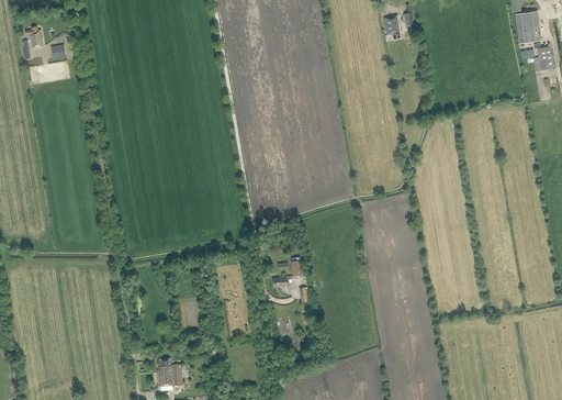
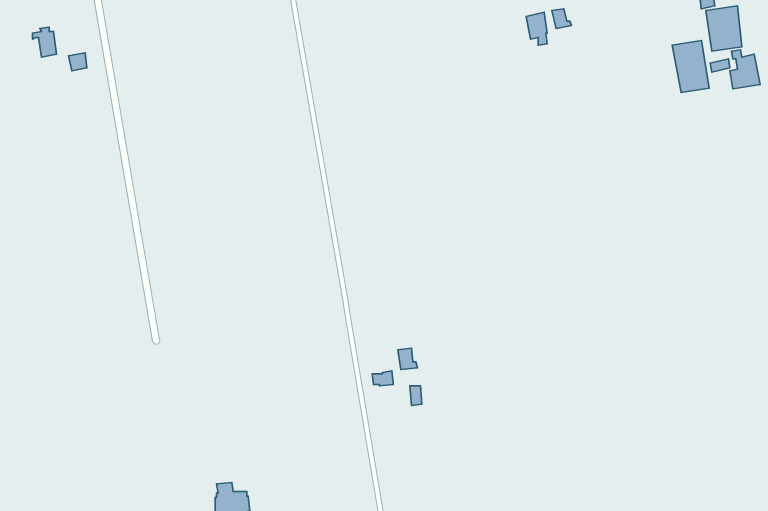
building: none -> [672,40,709,93]

